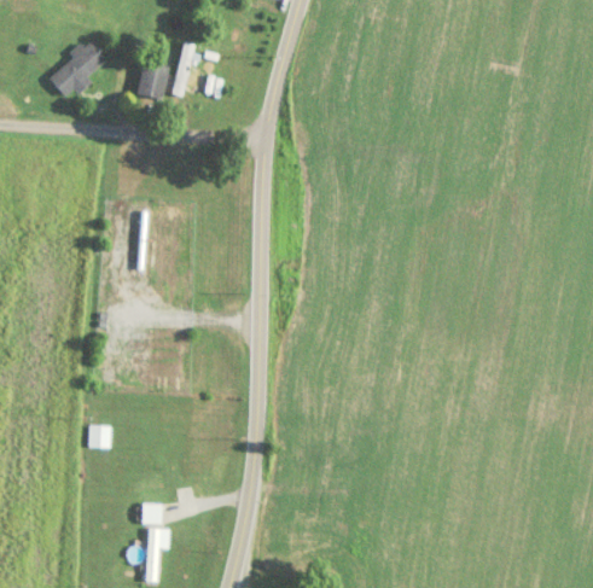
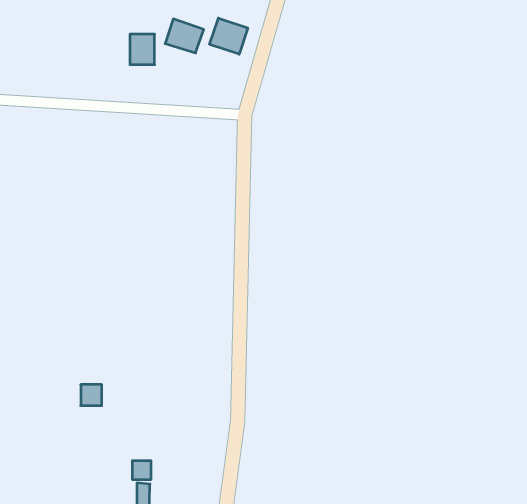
building: [48,41,105,97] -> none
building: none -> [210,18,248,54]

